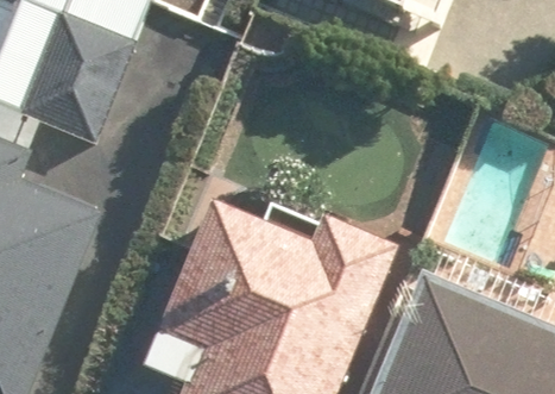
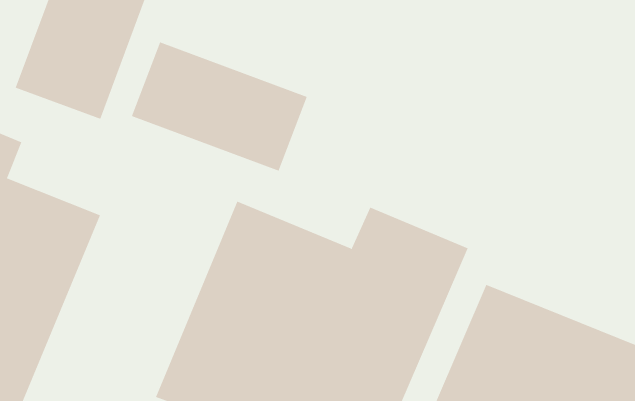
building: none -> [131,41,307,172]

